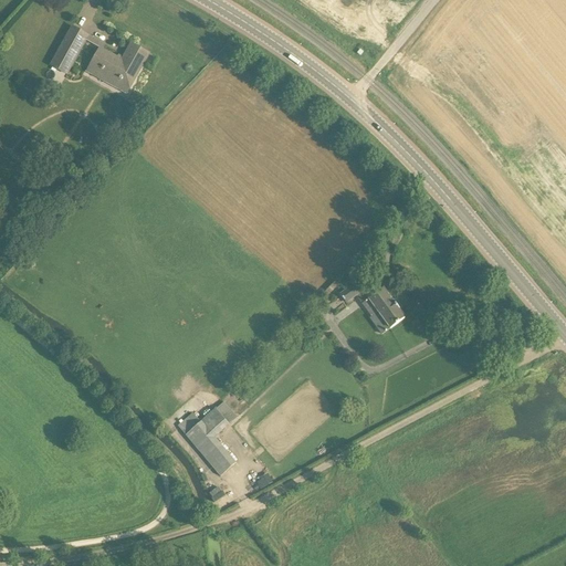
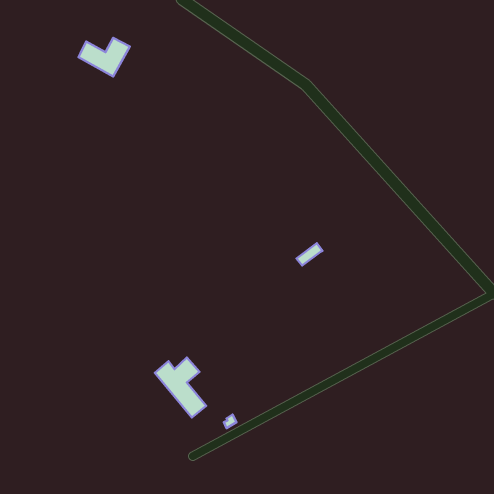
building: [50,27,87,73] -> none
building: [361,289,403,328] -> none

